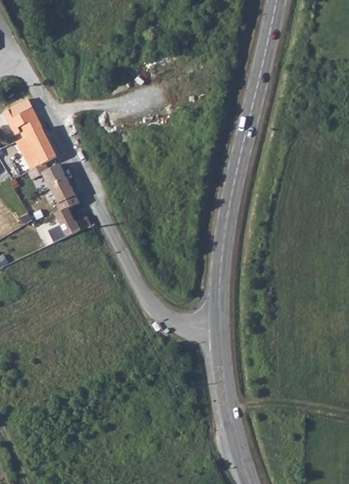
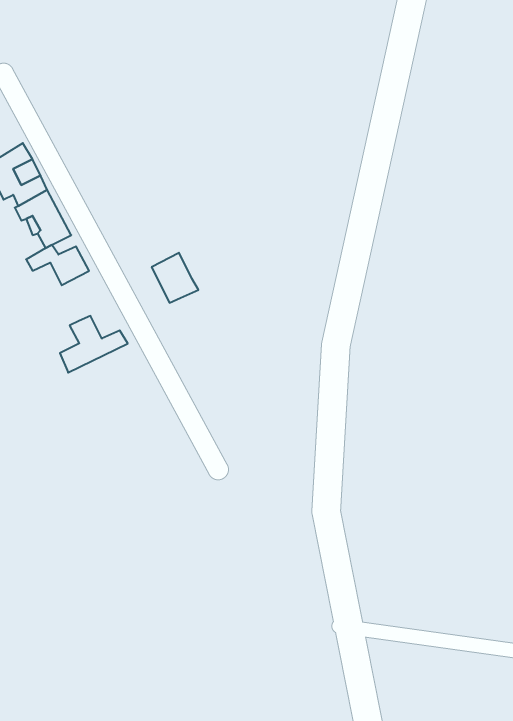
building: [49,178,79,209] -> [152,253,198,303]

